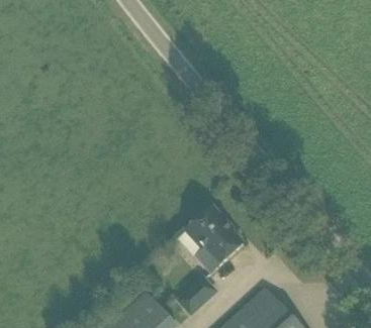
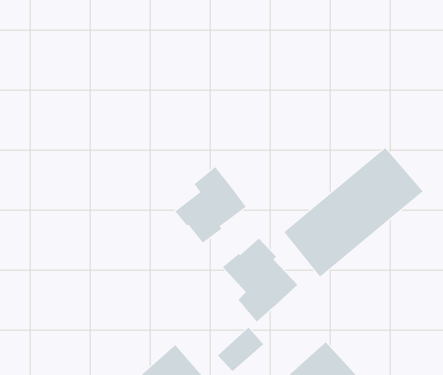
building: none -> [284,147,423,277]
building: none -> [174,166,247,244]

